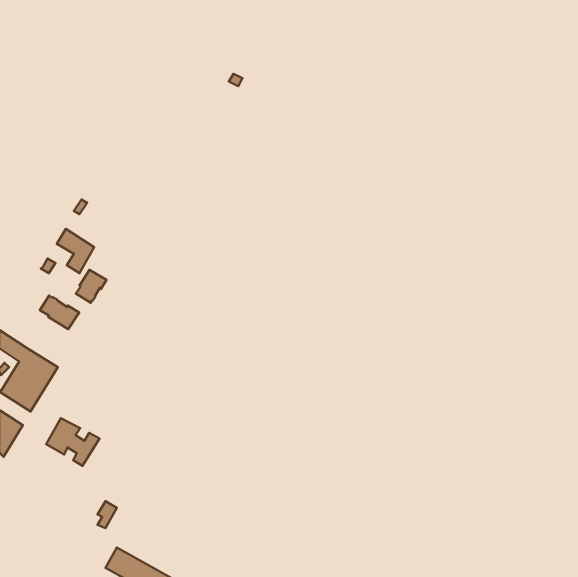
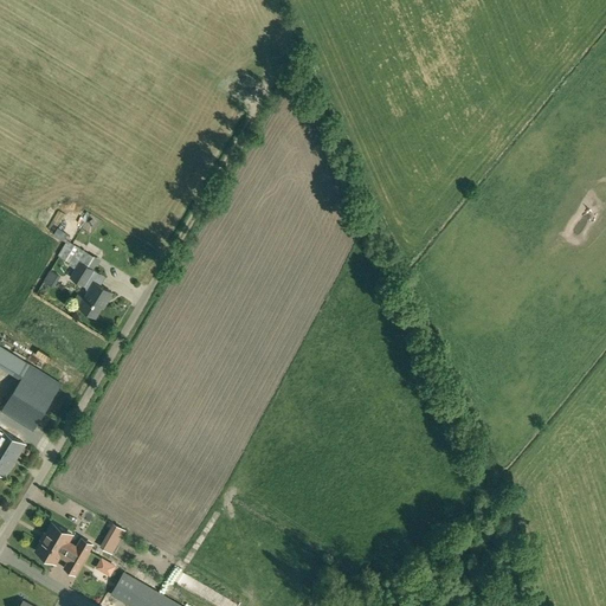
building: [40,296,79,329] -> none
building: [46,418,99,466] -> [36,526,91,575]

